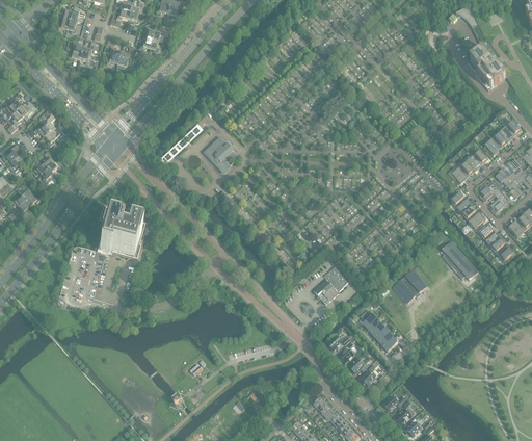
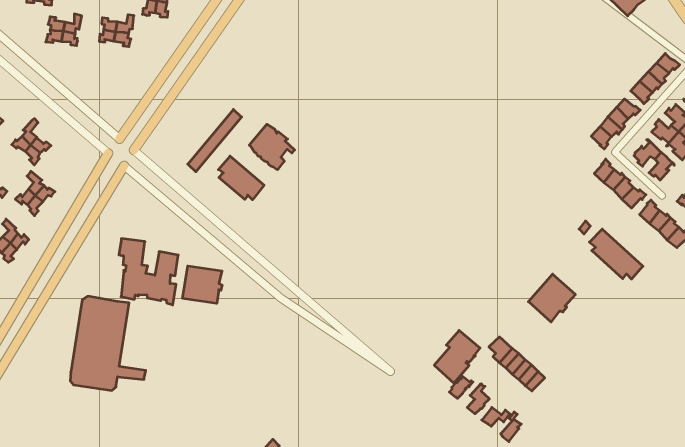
building: none -> [218,156,264,200]
building: none -> [183,266,222,303]
building: [313,266,347,304] -> [434,330,480,383]

